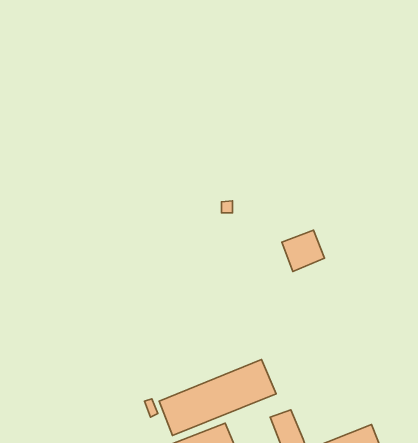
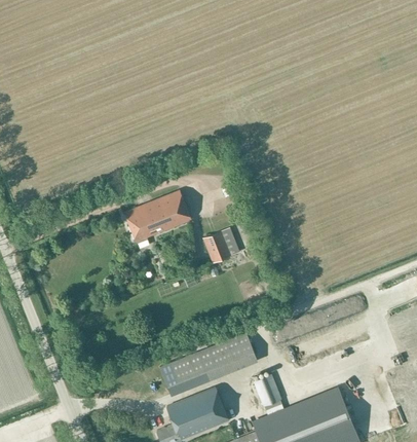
building: none -> [123,190,191,243]
building: [282,230,325,272] -> [202,229,238,264]

